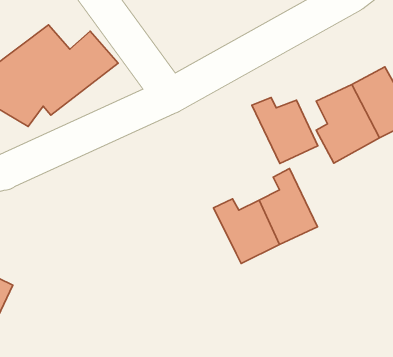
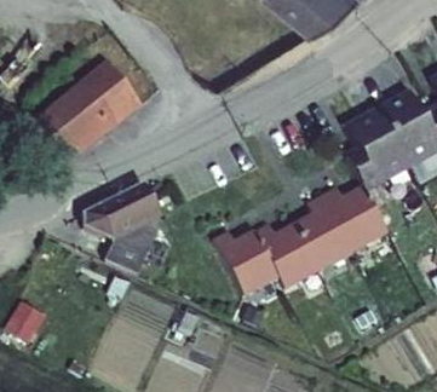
building: [252,98,318,164] -> [318,189,381,252]
building: none -> [88,181,166,267]
building: none -> [203,230,268,295]

